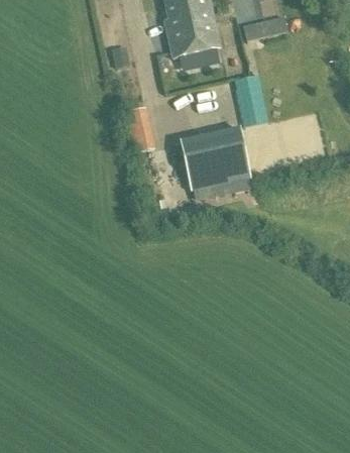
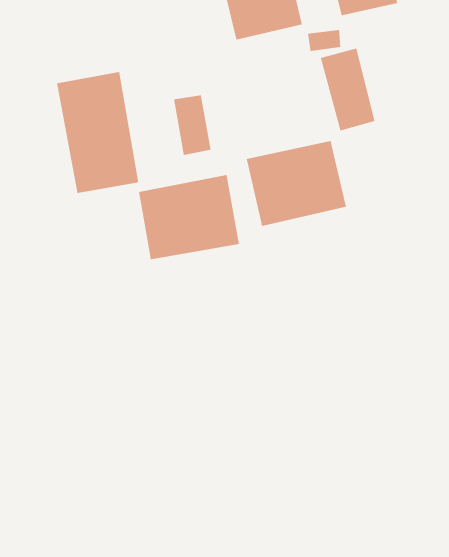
building: none -> [56,71,139,194]
building: none -> [138,174,240,260]

